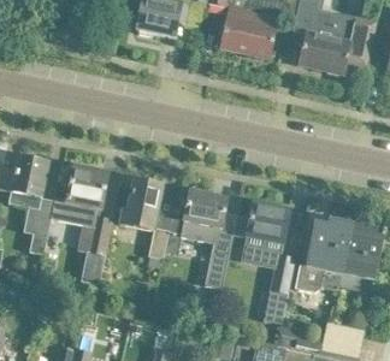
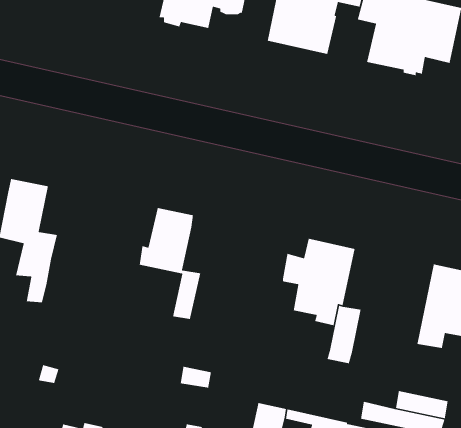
building: [51,166,112,260] -> none
building: [179,189,236,286] -> none
building: [295,218,351,291] -> none

